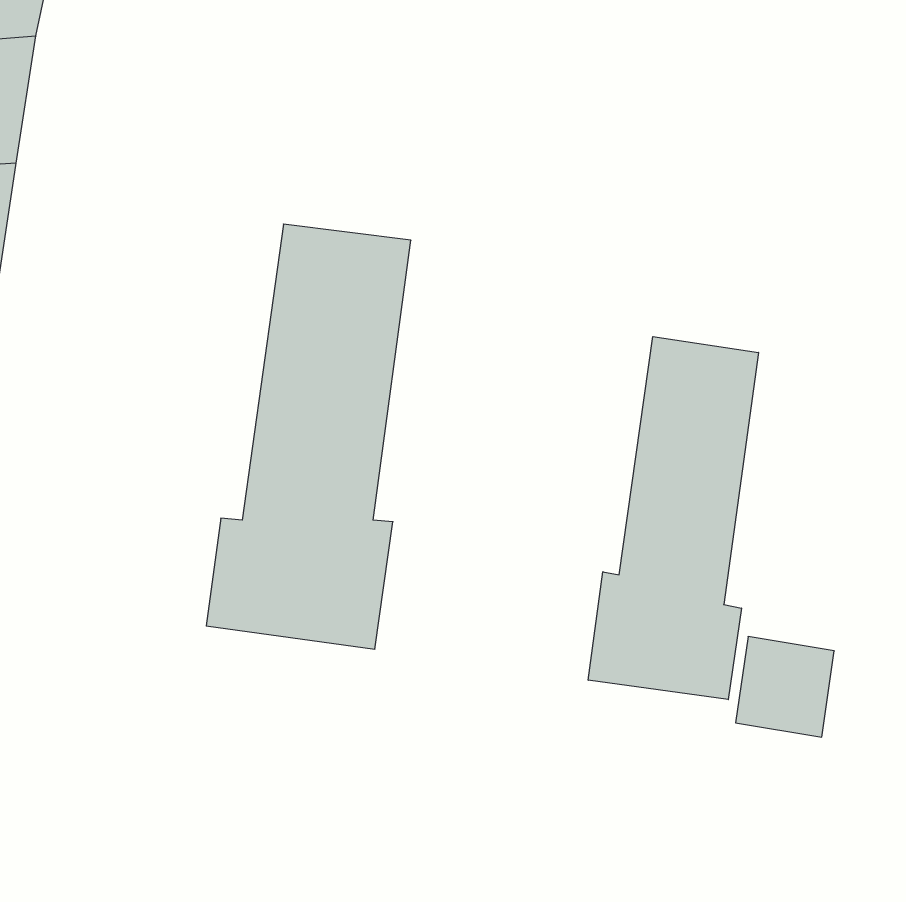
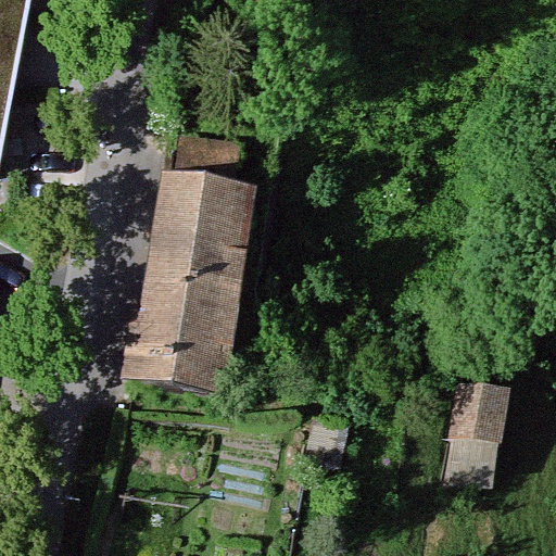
building: [588,337,758,700] -> none

